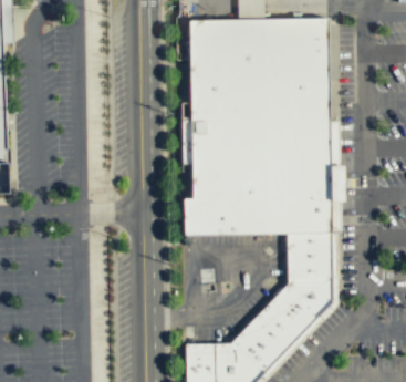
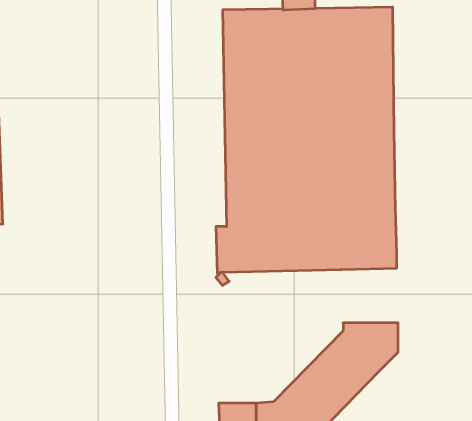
building: [287,231,333,277] -> none

